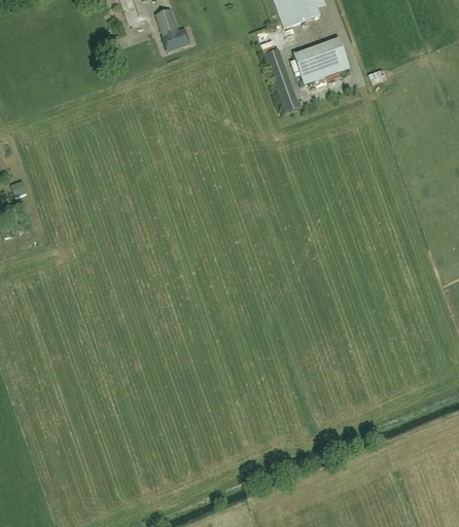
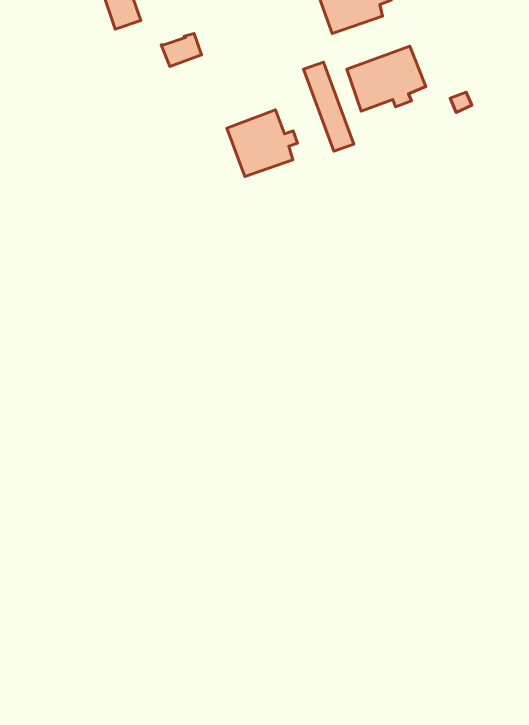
building: [154,7,178,35] -> none
building: none -> [227,110,298,177]

